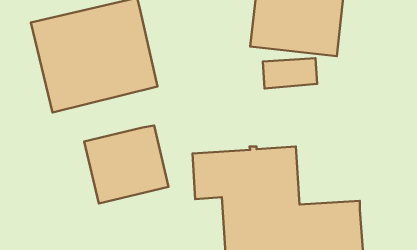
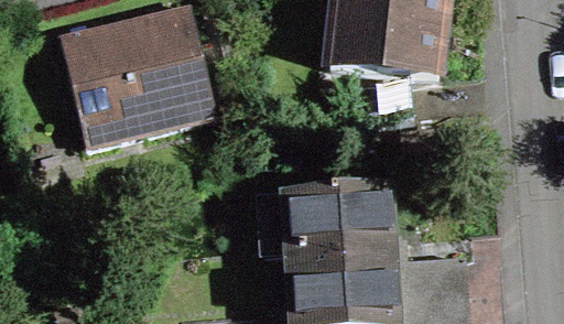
building: [84,126,169,203] -> none

